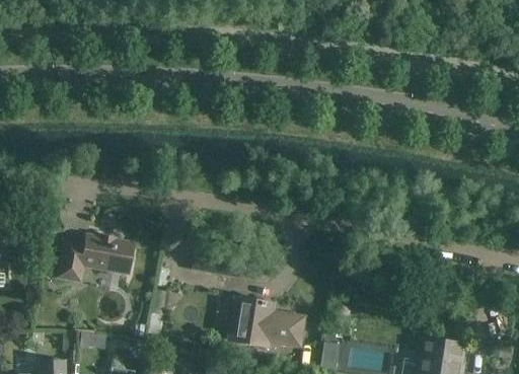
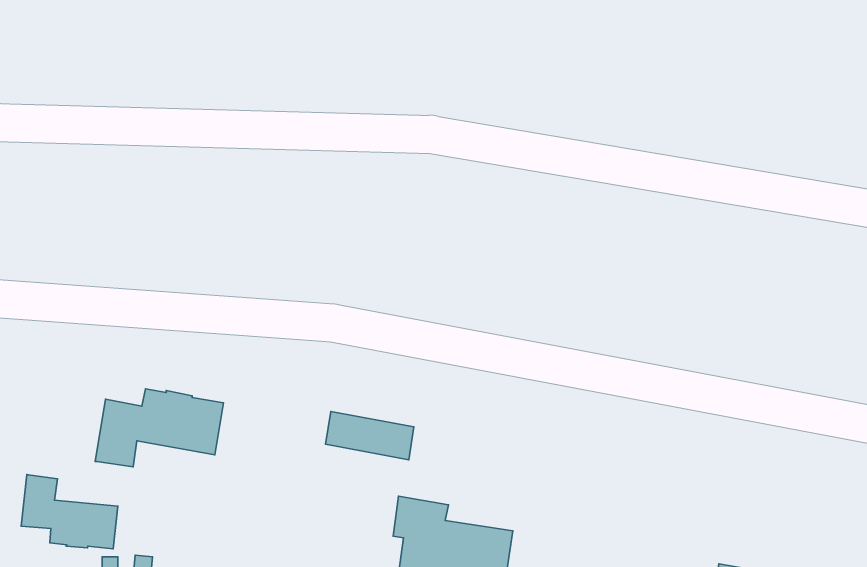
building: none -> [21,475,118,549]

